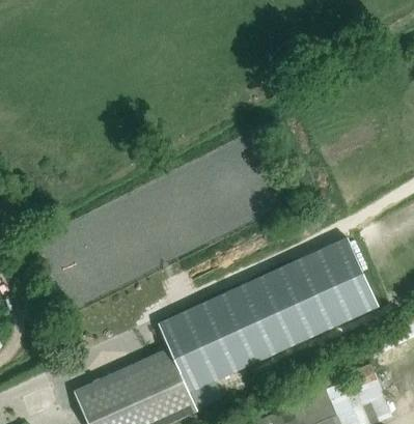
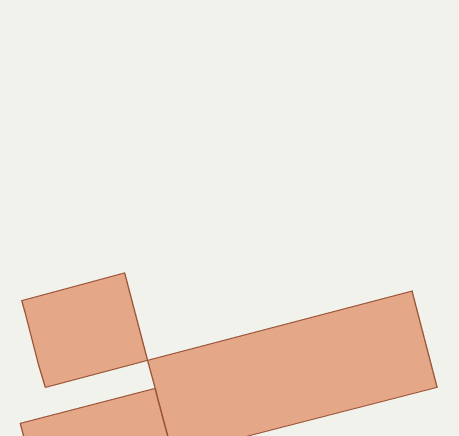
building: none -> [22,273,148,387]

